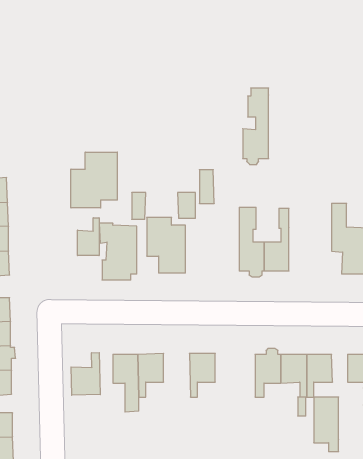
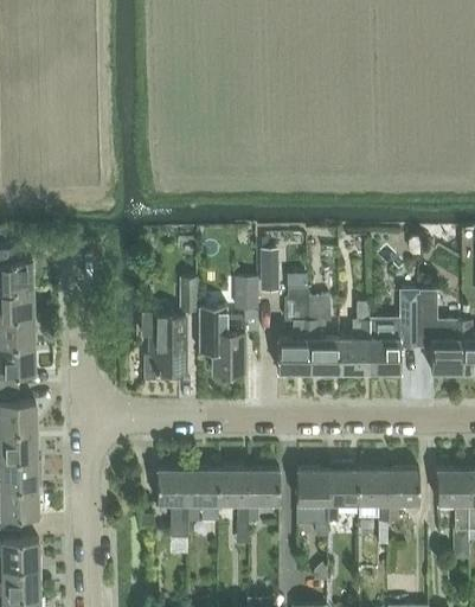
building: [243,88,269,165] -> [277,287,308,378]
building: [71,152,117,208] -> none
building: none -> [367,290,418,371]
building: [78,218,99,256] -> none
building: [71,353,100,395] -> none
building: none -> [218,469,250,522]
building: [314,397,339,452] -> [297,471,327,536]

